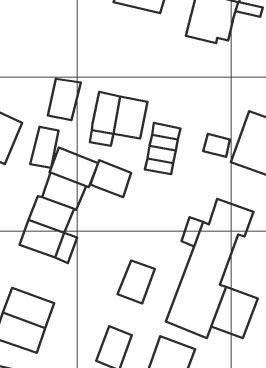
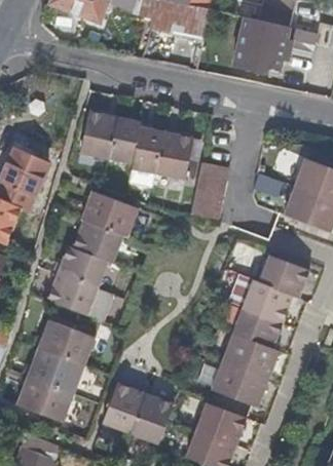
building: [30,127,59,168] -> [106,118,138,164]
building: [90,160,131,197] -> none
building: [117,260,155,303] -> [106,382,148,430]
building: none -> [39,320,96,365]
building: [211,287,258,338] -> none

